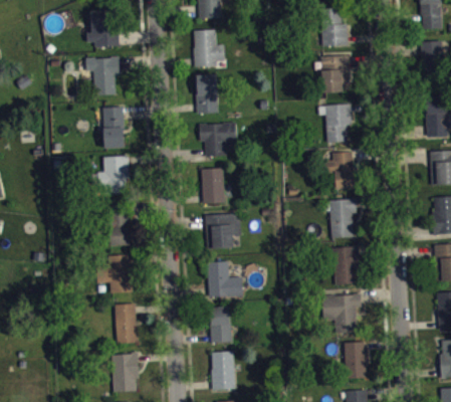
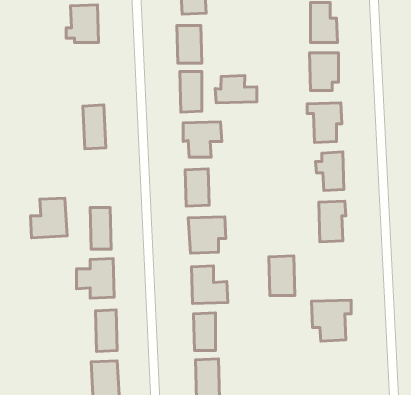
building: [86,57,120,94] -> none
building: none -> [215,75,257,103]
building: [94,156,130,194] -> [30,198,67,238]
building: [334,246,360,284] -> [269,256,295,296]
building: [345,342,368,379] -> none

